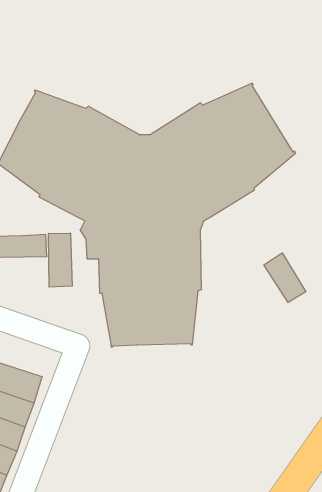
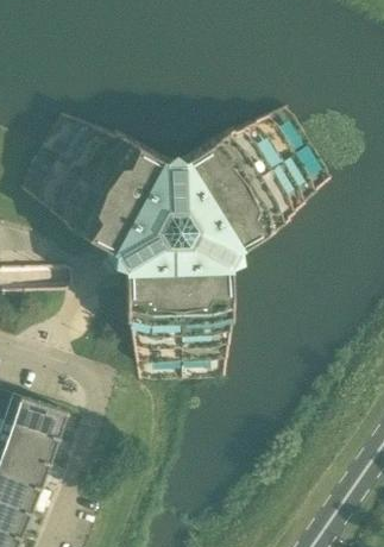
building: [49,233,72,287] -> none
building: [264,253,306,303] -> none

